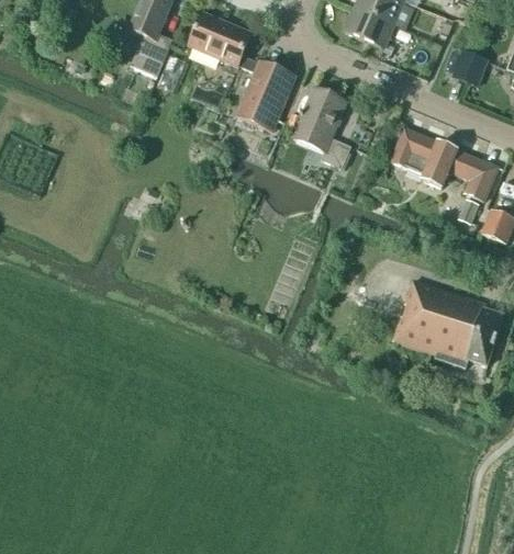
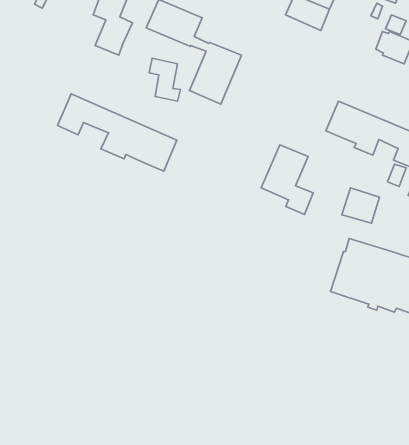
building: [293,89,351,167] -> [261,145,313,214]
building: none -> [57,94,177,171]
building: none -> [342,188,380,223]

